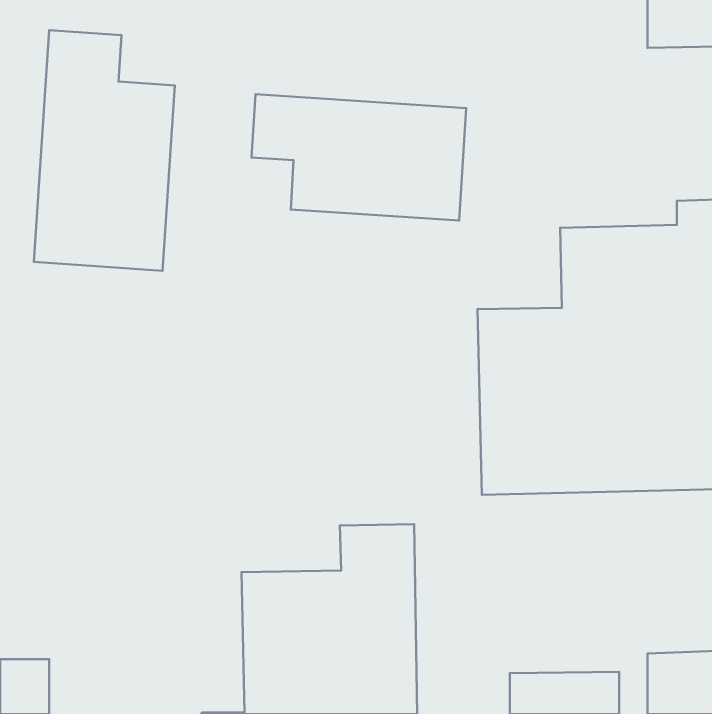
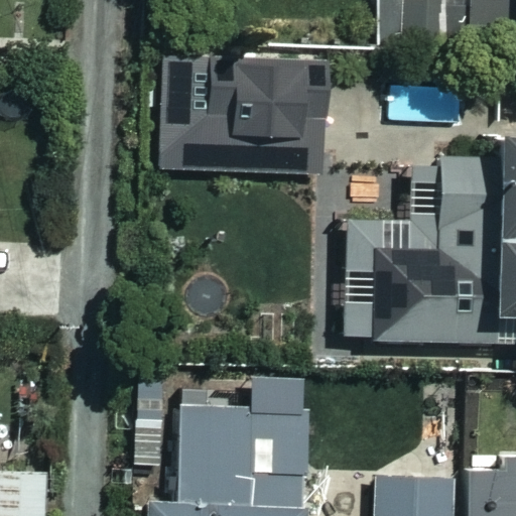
building: [34,30,175,271] -> none

